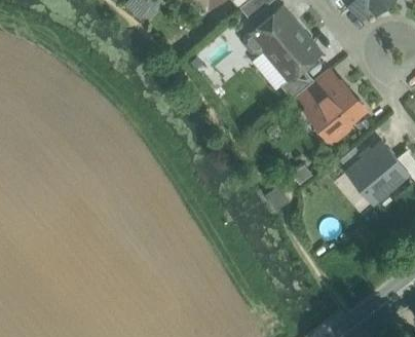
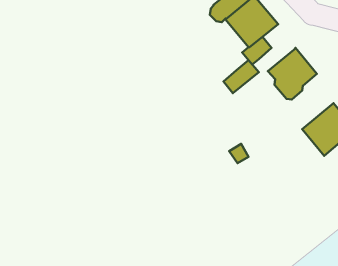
building: [301,70,340,107] -> [224,60,259,93]

